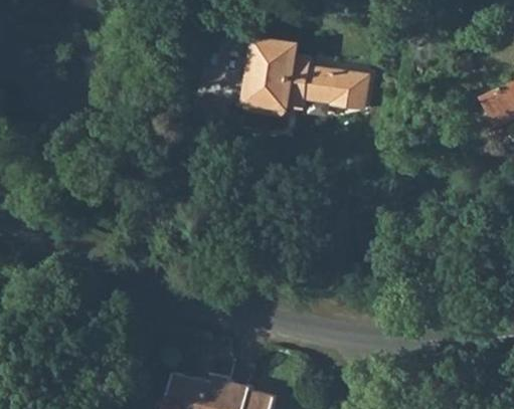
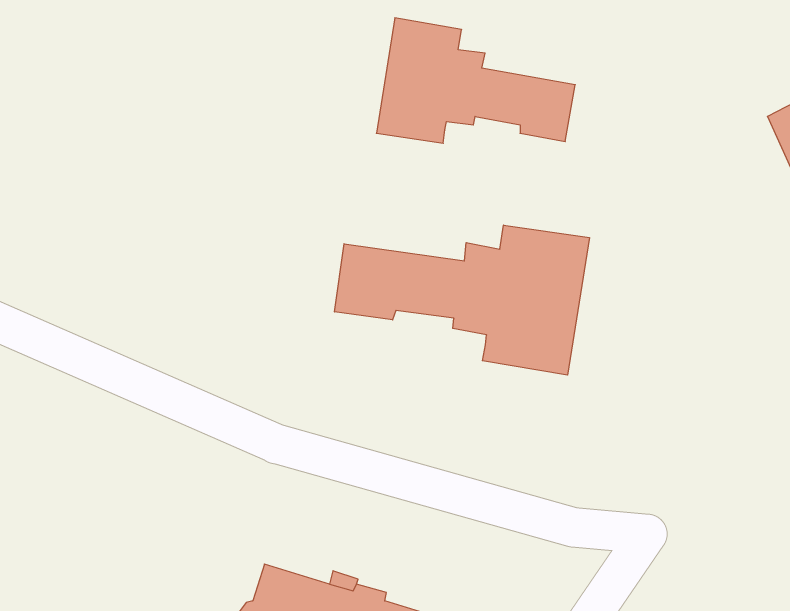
building: none -> [335,225,589,375]

